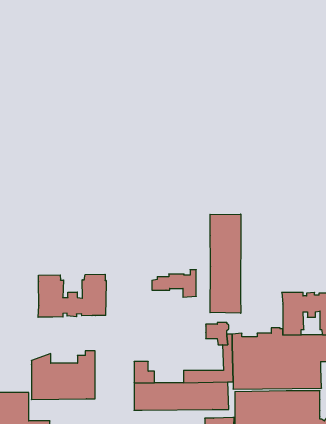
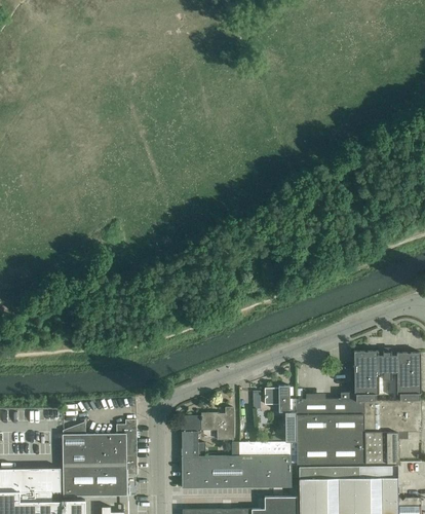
building: [210,214,241,313] -> none
building: [152,270,196,297] -> [183,409,234,441]
building: [38,274,106,317] -> none
building: none -> [64,476,127,498]

